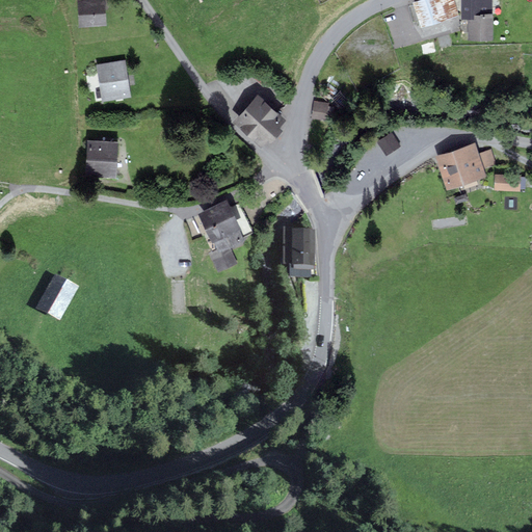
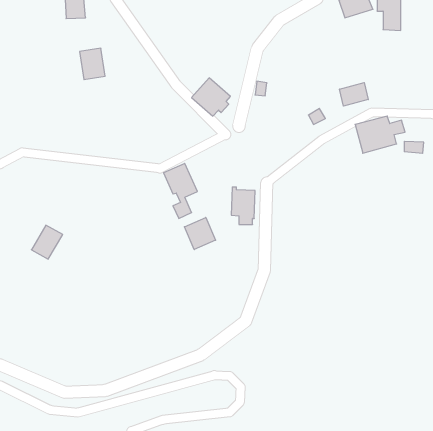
building: none -> [340,83,368,106]
building: [87,139,115,172] -> none
building: none -> [184,217,216,250]

